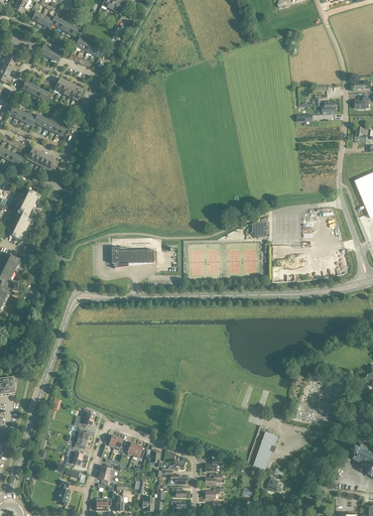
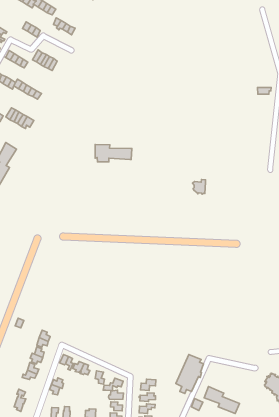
building: [110,246,153,267] -> [95,145,132,162]
building: none -> [204,386,240,414]

